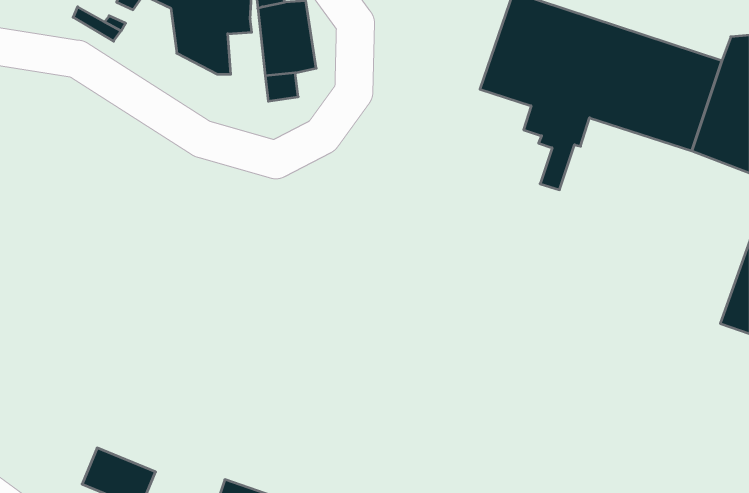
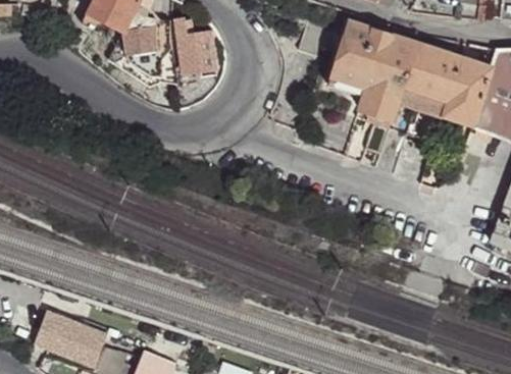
building: none -> [37,313,109,353]

